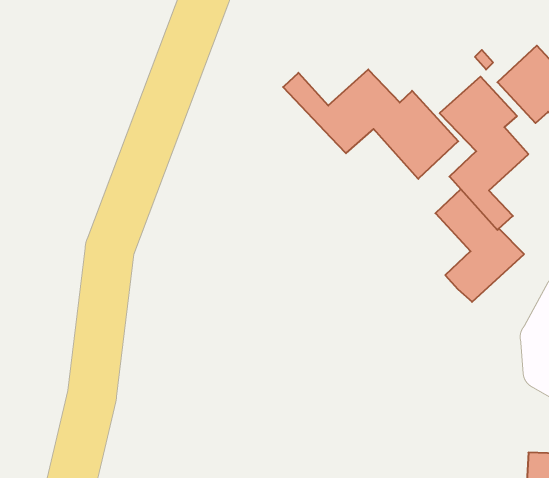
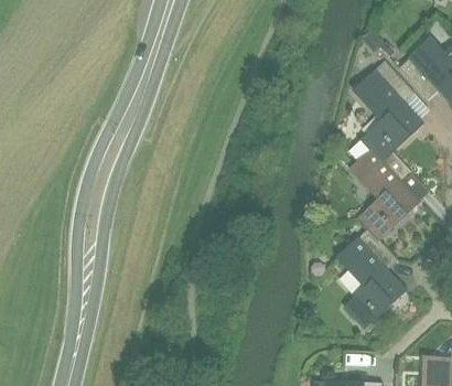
building: [283,69,458,179] -> none
building: none -> [337,228,406,329]

